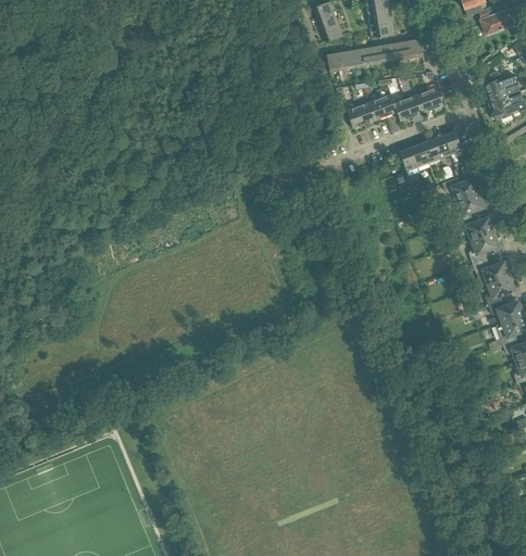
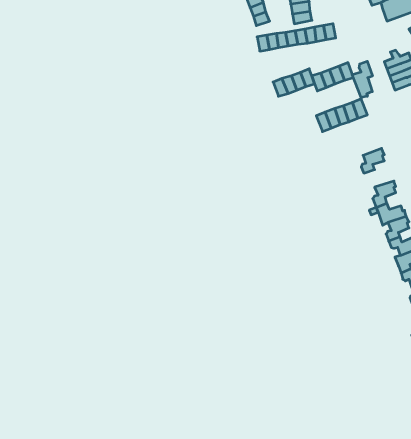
building: none -> [352,61,372,98]
building: [443,178,480,200] -> none
building: [459,217,496,239] -> none

